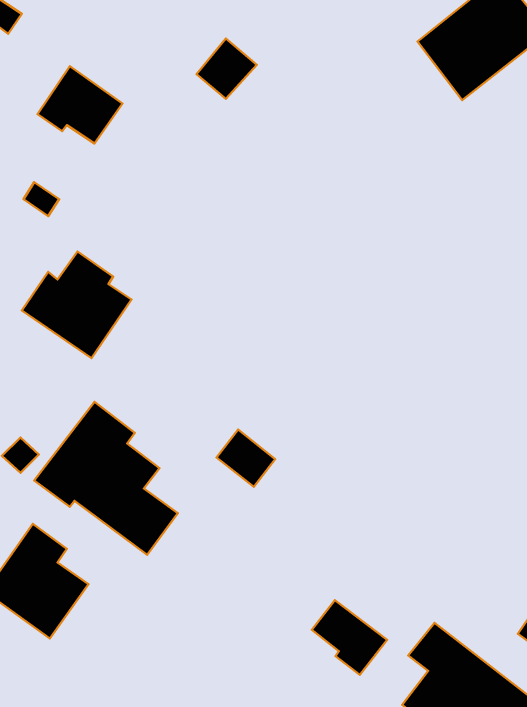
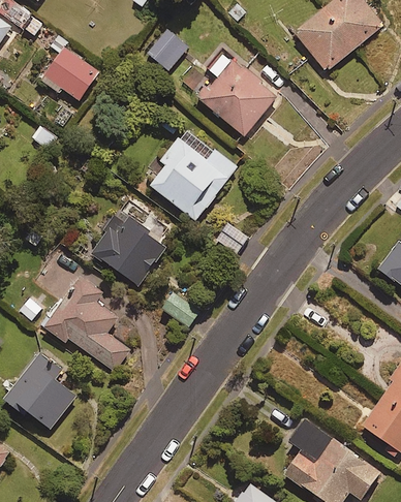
building: none -> [202,51,277,135]
building: none -> [150,128,237,219]
building: [22,252,132,358] -> [92,214,165,285]
building: [312,600,387,675] -> none

